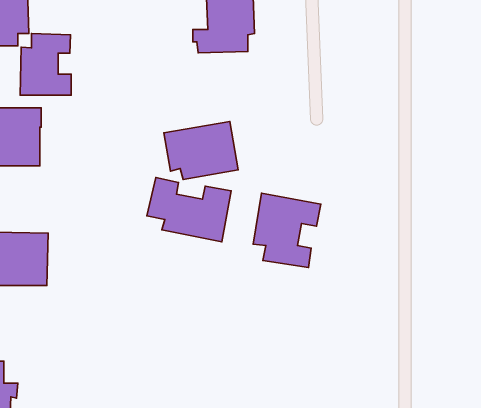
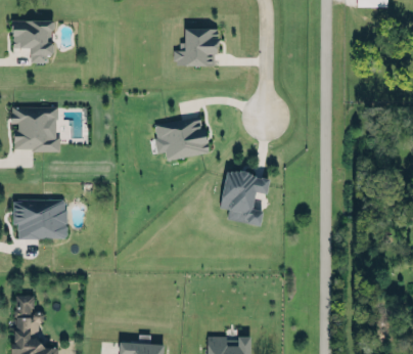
building: [20,34,71,95] -> none
building: [147,177,231,242] -> none

